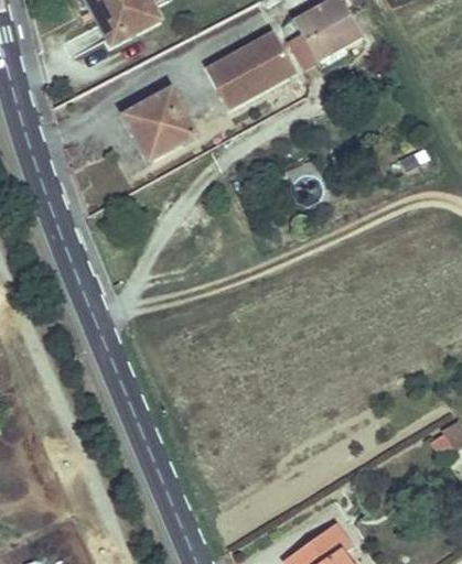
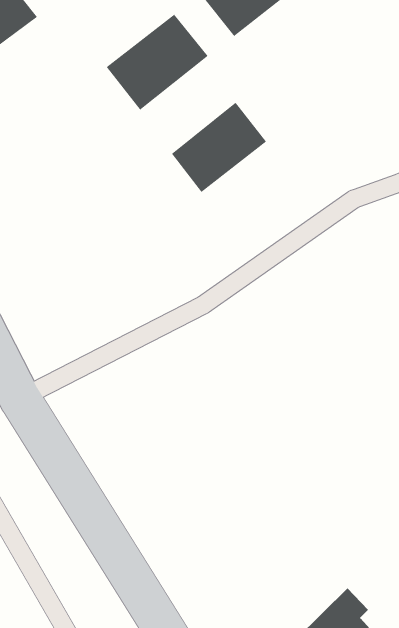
building: [123,89,195,161] -> none
building: none -> [171,102,267,193]

